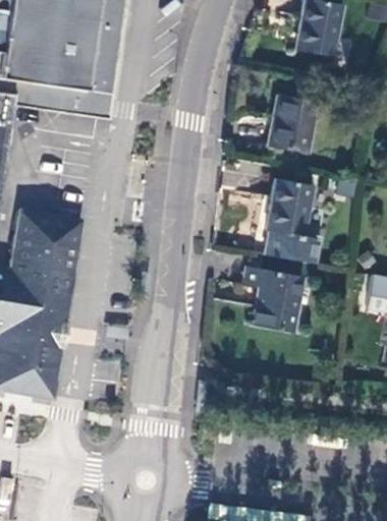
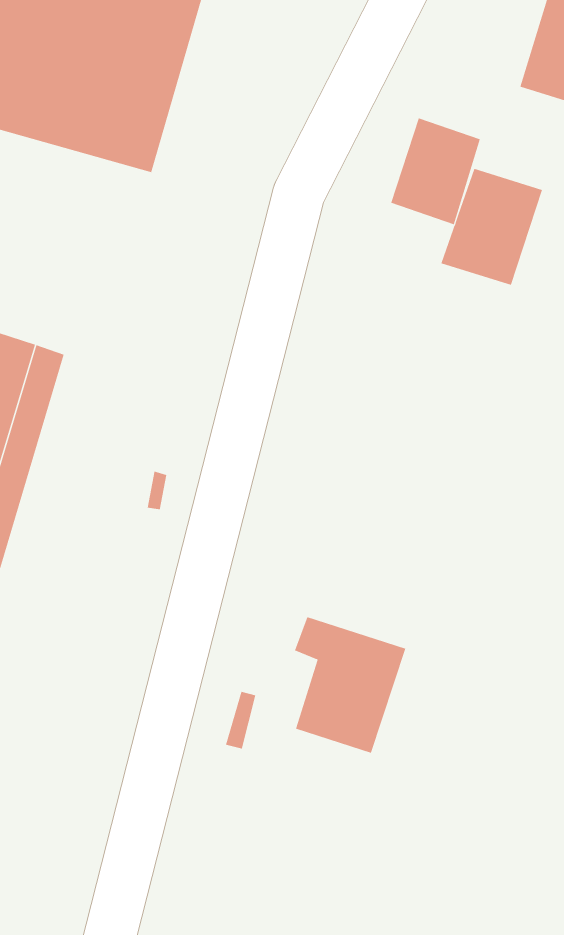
building: none -> [390,117,481,225]
building: [264,178,321,264] -> none
building: [243,267,300,332] -> [294,616,406,753]

